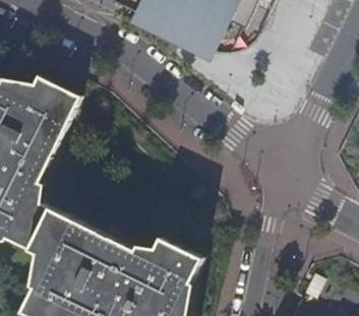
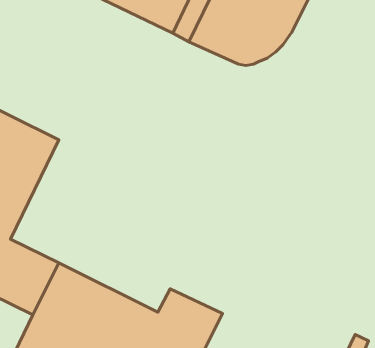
building: [28,76,79,116] -> none

